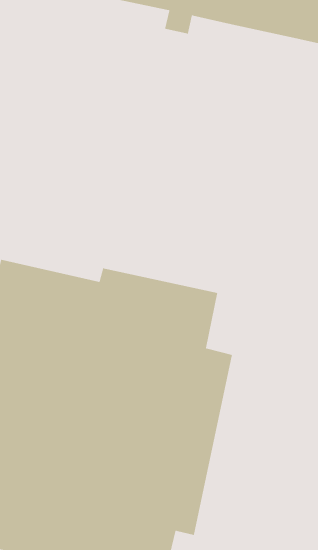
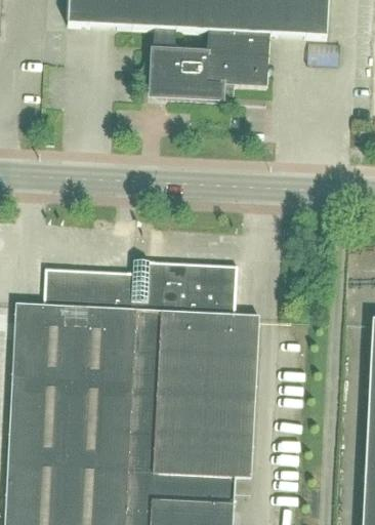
building: none -> [150,34,268,103]

